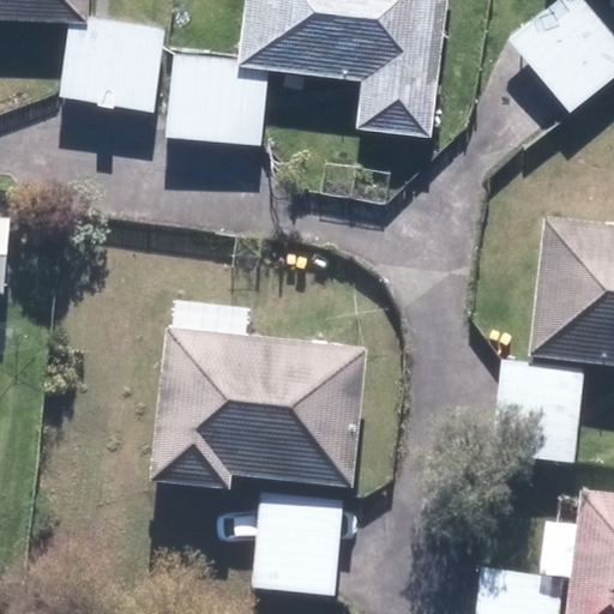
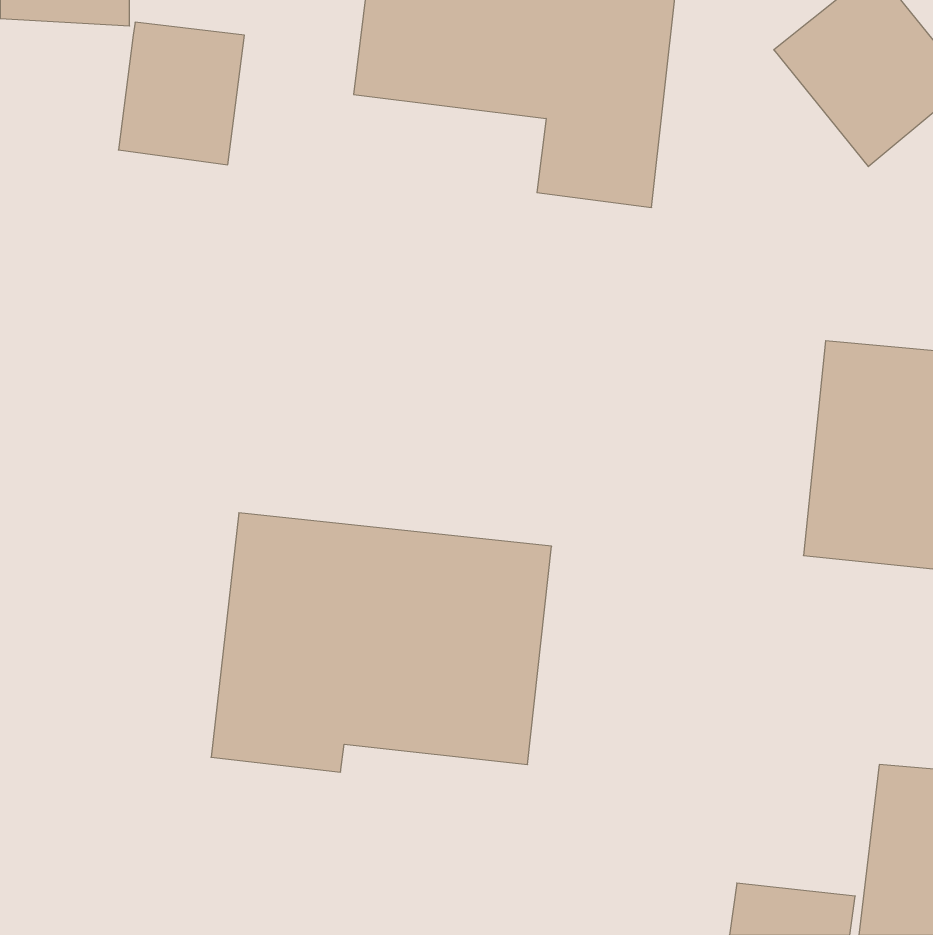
building: [165,46,269,139] -> none
building: [253,495,348,601] -> none

